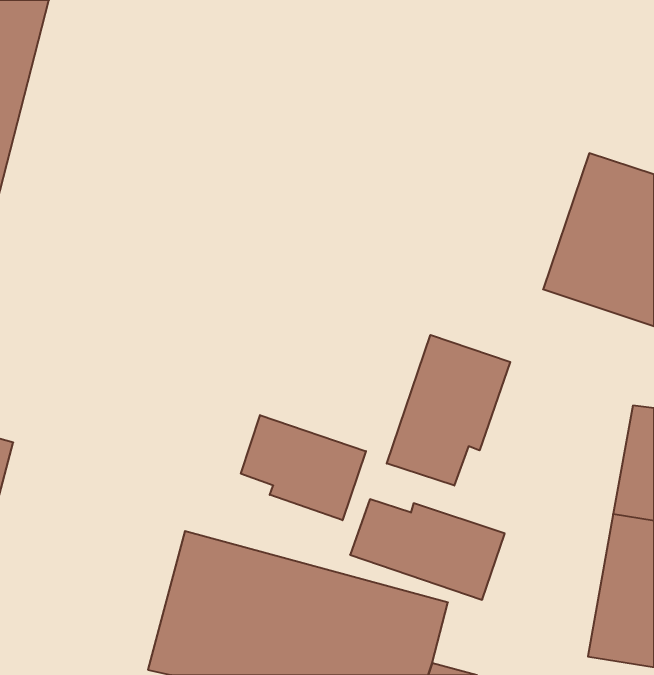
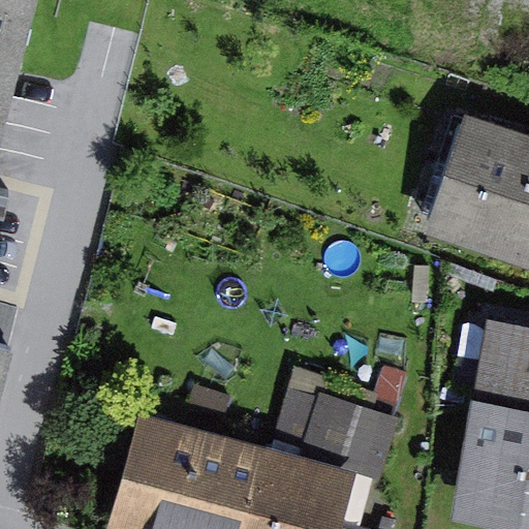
building: [387,335,510,486] -> none
building: [241,415,366,520] -> none

